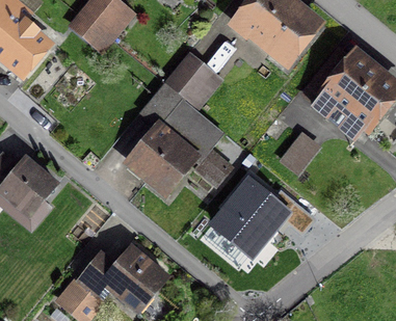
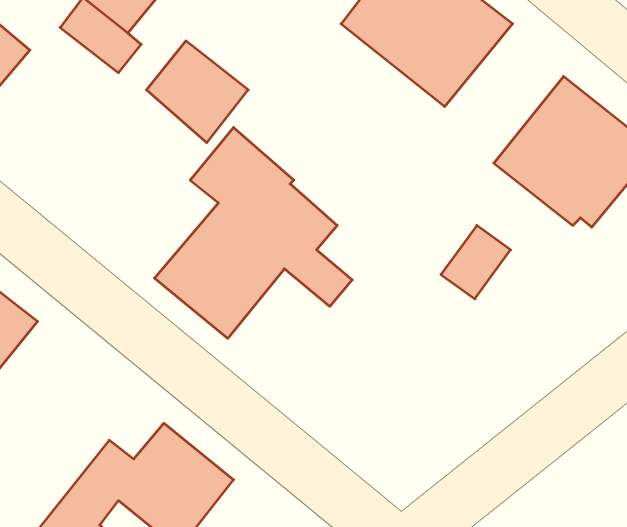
building: [166,53,222,109] -> [146,41,248,143]
building: [213,177,291,256] -> none

